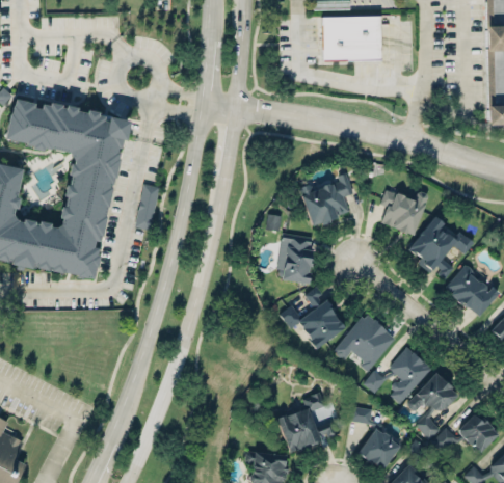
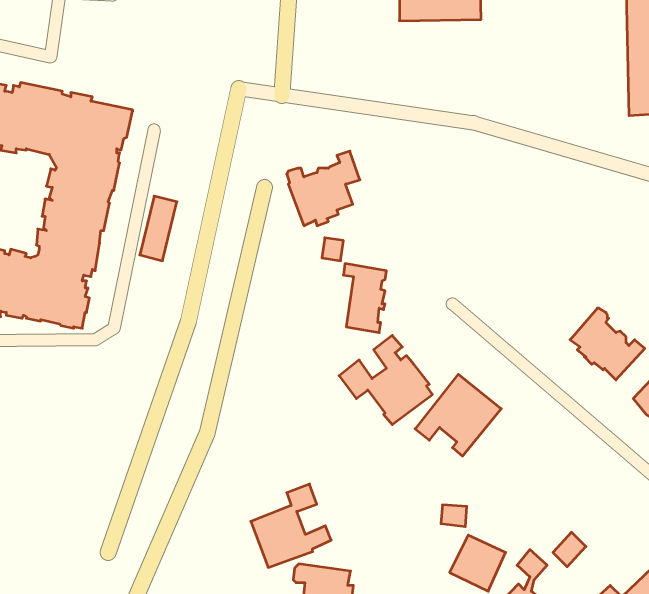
building: [301,172,354,226] -> [287,151,360,226]
building: [381,189,428,235] -> none
building: [409,215,474,280] -> none
building: [364,347,430,402] -> none
building: [408,373,459,439] -> none
building: [277,392,336,452] -> [251,484,331,567]
building: [457,412,499,453] -> none

